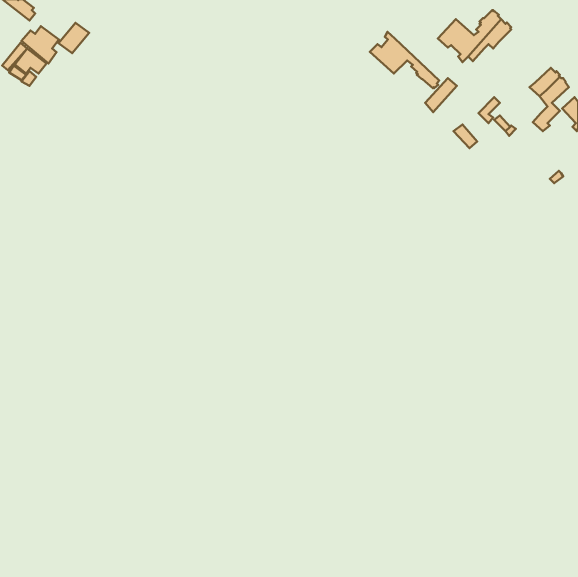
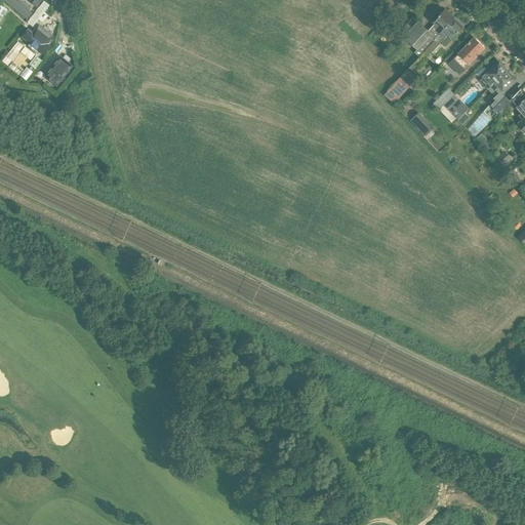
building: [59,23,89,53] -> [43,55,71,83]
building: [370,32,439,88] -> none
building: none -> [449,37,485,72]

